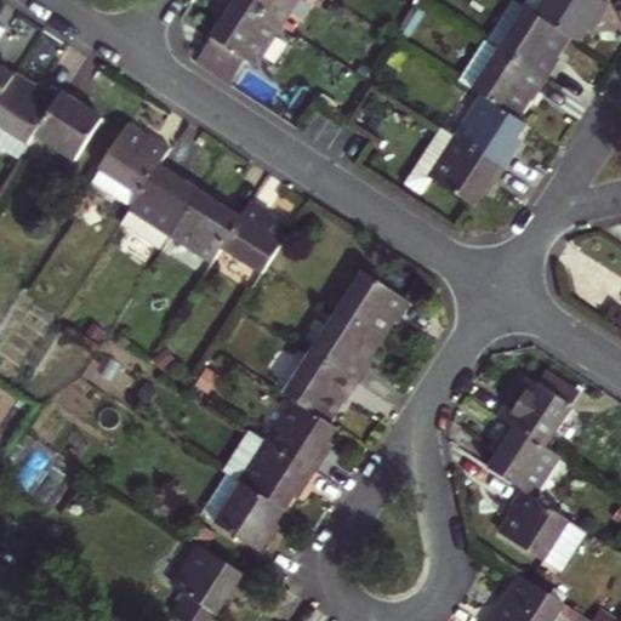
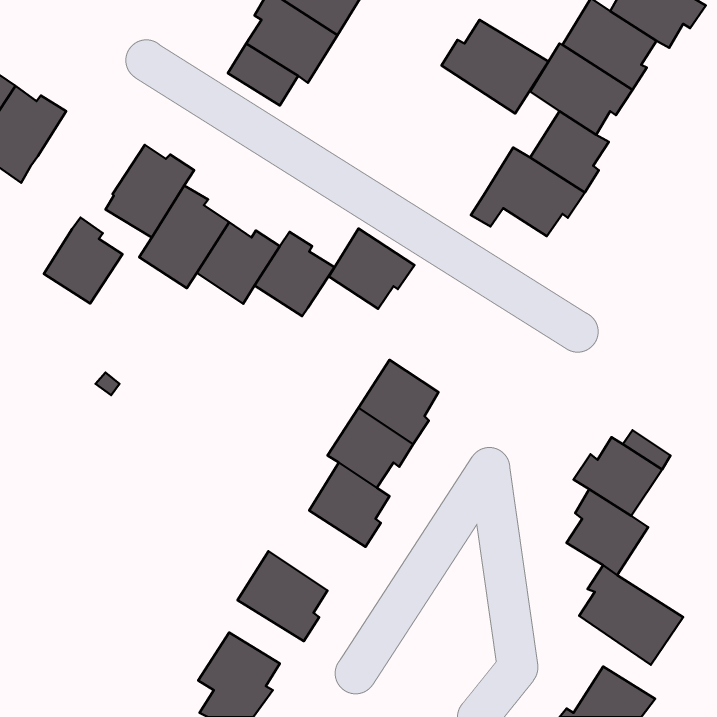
building: none -> [442,20,548,113]
building: [33,86,101,160] -> [44,218,123,303]
building: [336,269,410,338] -> [329,229,415,309]
building: [222,428,315,509] -> none

